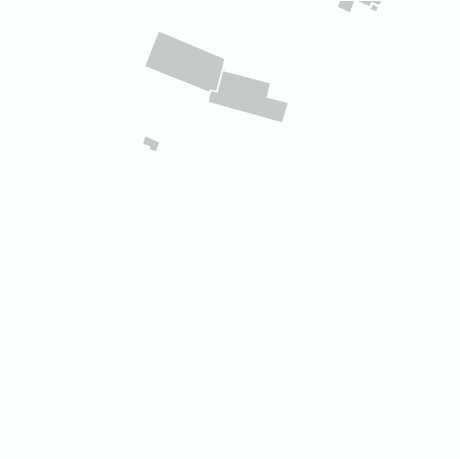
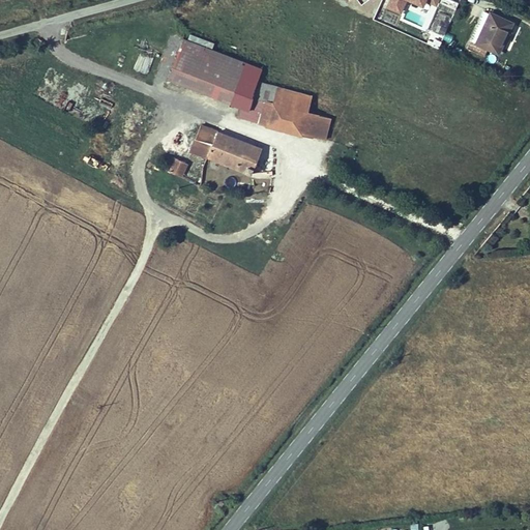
building: none -> [476,13,516,56]
building: none -> [190,125,261,174]

